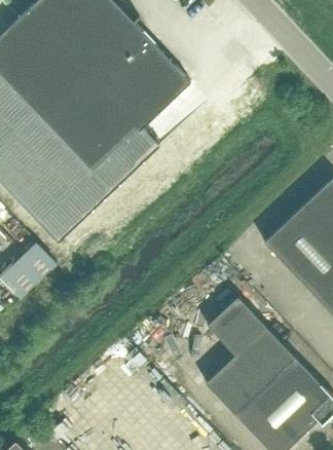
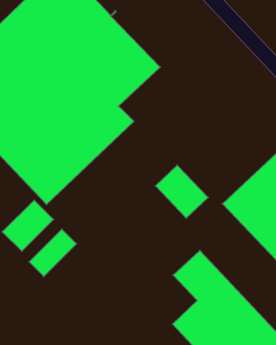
building: none -> [155,165,208,218]
building: none -> [29,229,77,277]

